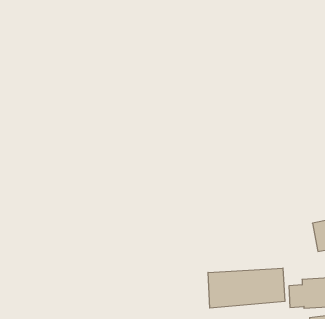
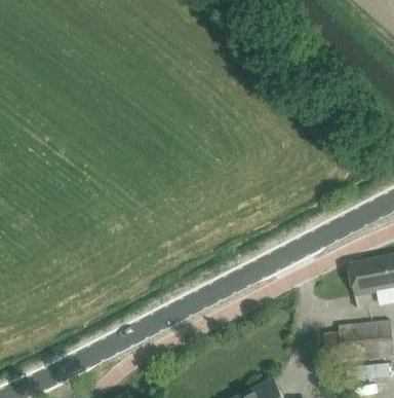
building: [208,268,285,308] -> none

